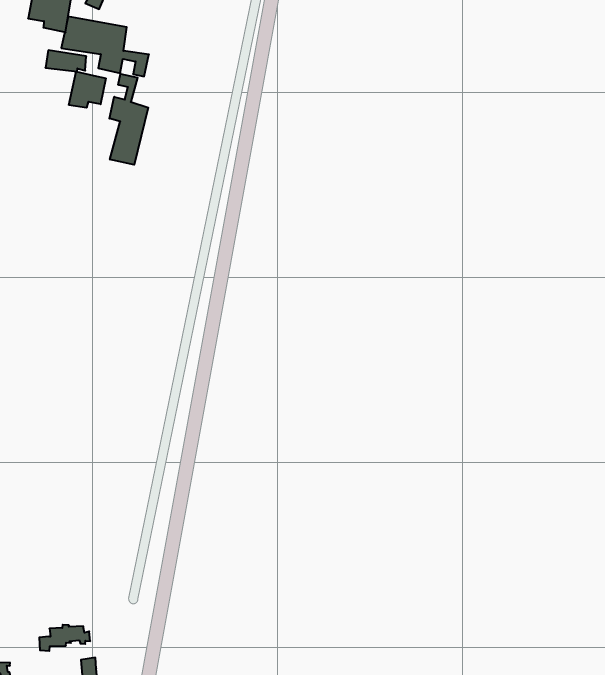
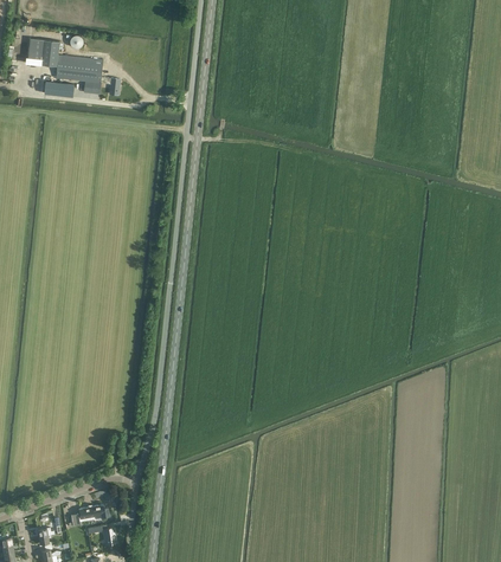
building: [69,71,106,108] -> none
building: [109,74,148,165] -> none

